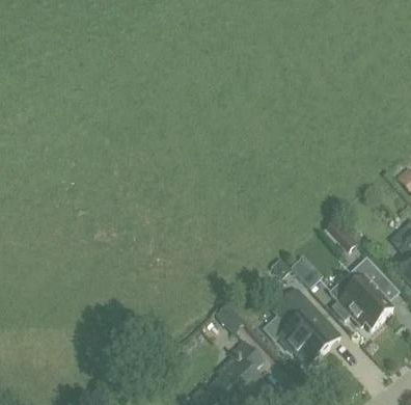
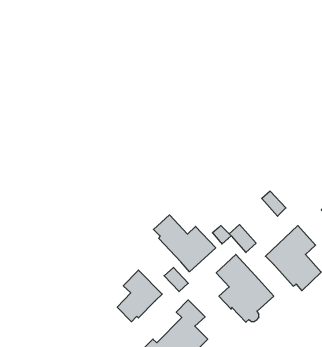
building: none -> [153,215,216,272]
building: none -> [117,270,162,322]

